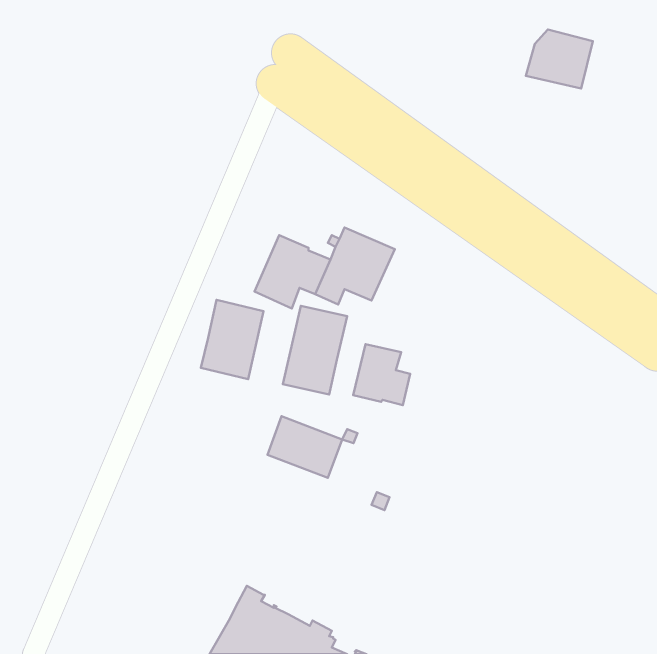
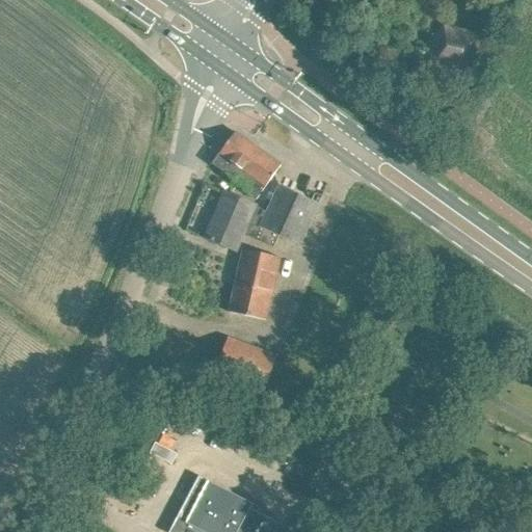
building: none -> [212,130,282,197]
building: [201,300,264,379] -> none
building: [353,344,410,405] -> none

